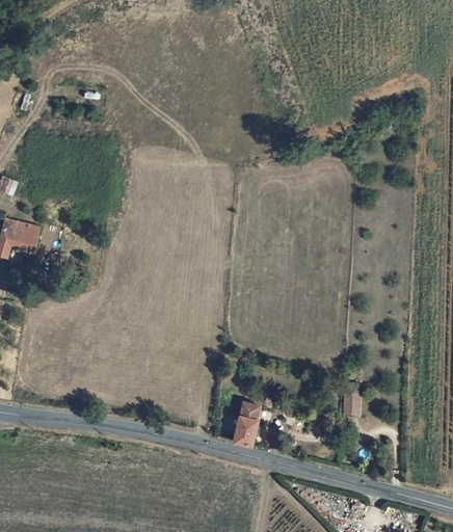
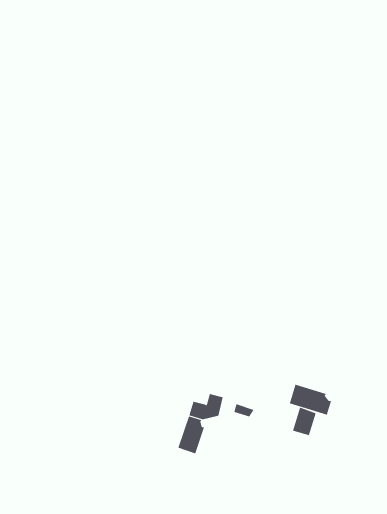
building: none -> [289,384,332,415]

